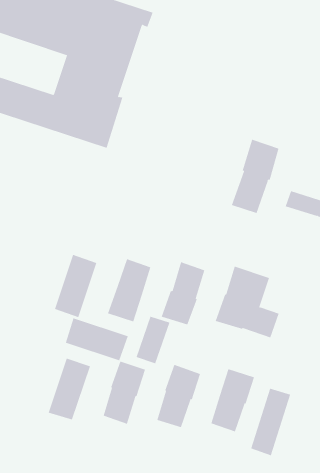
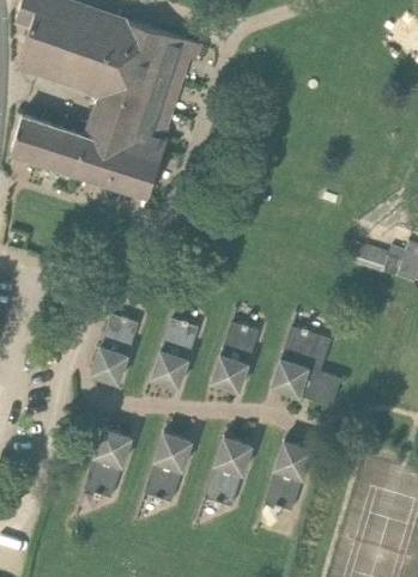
building: [231,139,279,214] -> none
building: [136,316,170,364] -> none
building: [65,317,129,361] -> none
building: [251,388,291,456] -> none

